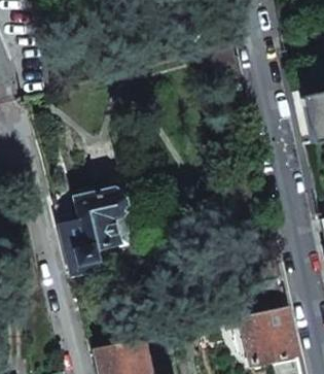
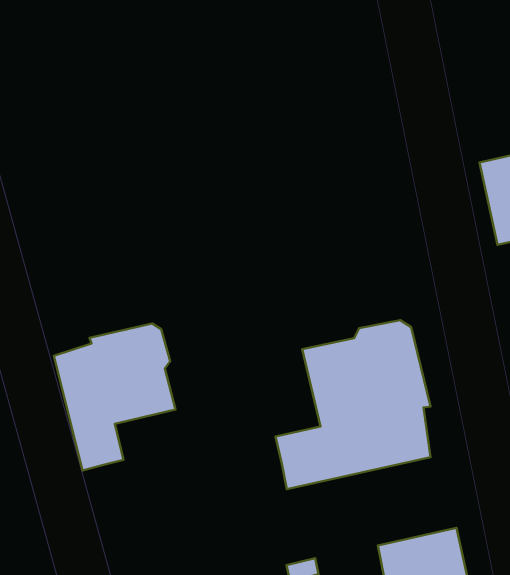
building: none -> [276,320,431,489]

